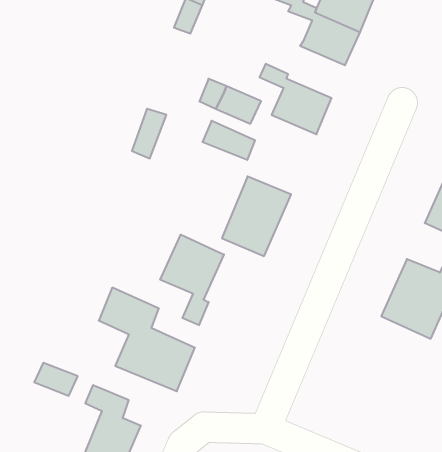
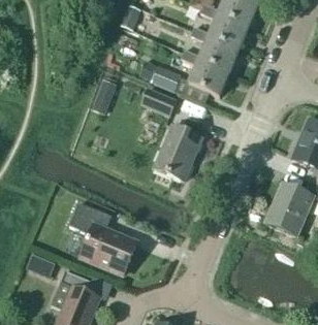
building: none -> [190,26,239,72]
building: [160,235,224,325] -> none

